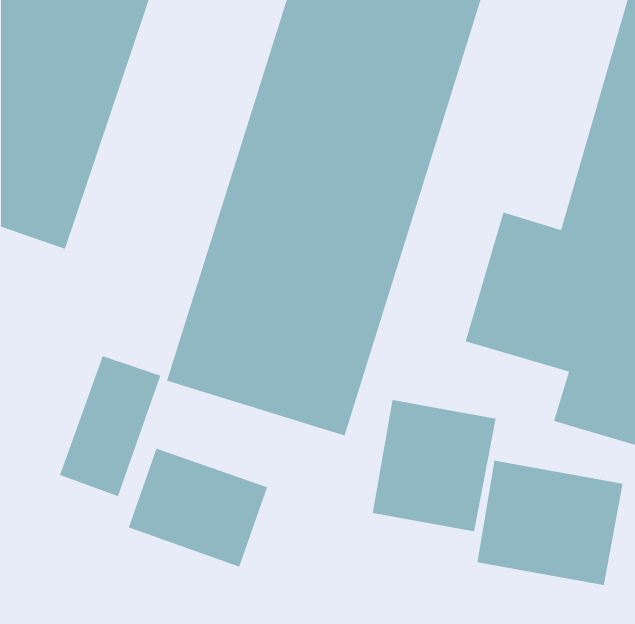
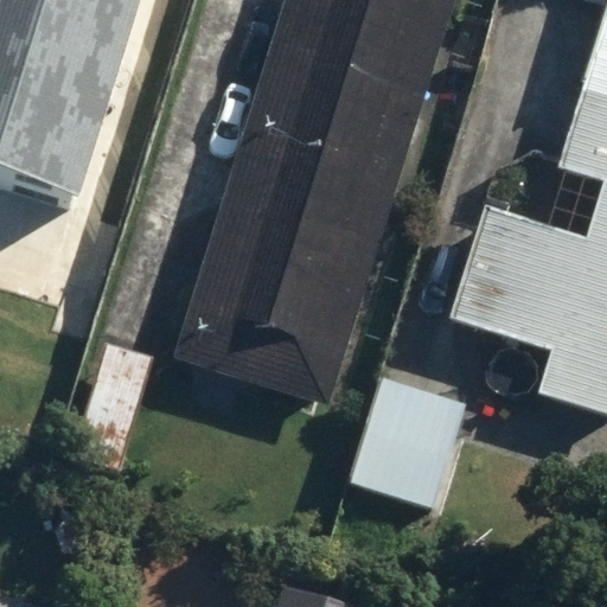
building: [128,448,268,567] -> none
building: [477,460,623,586] -> none

